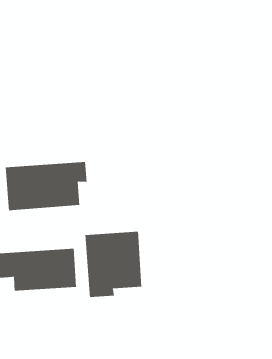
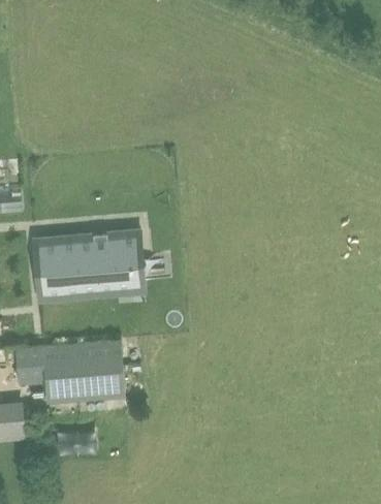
building: [85,231,142,298] -> none

